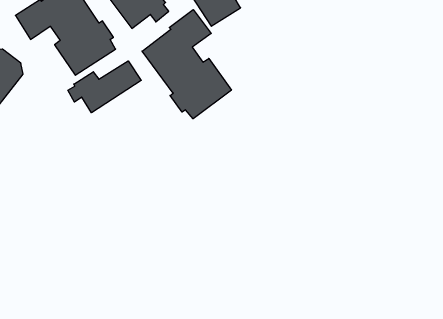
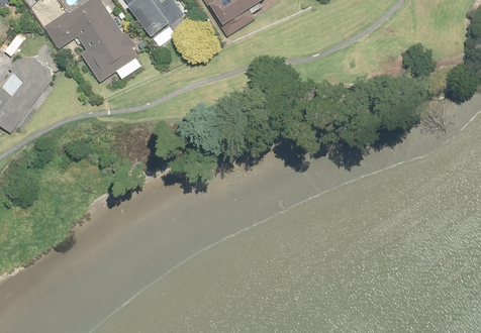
building: [142,10,231,119] -> none
building: [68,61,141,113] -> none

